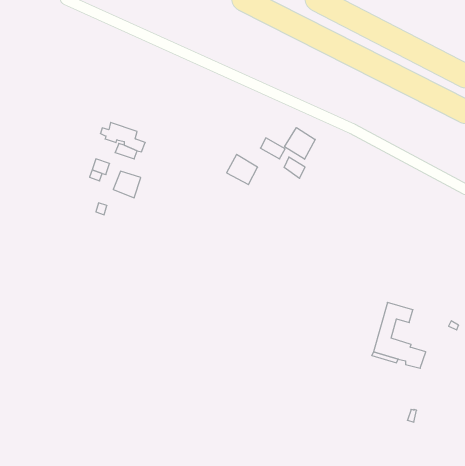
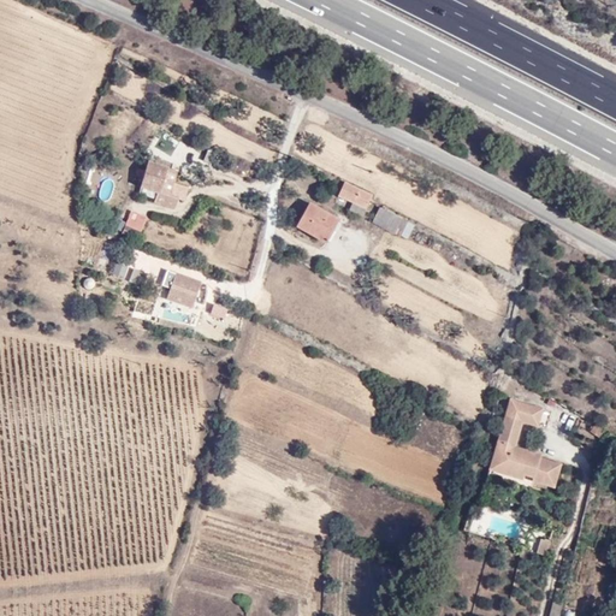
building: [285,128,315,159] -> none
building: [113,171,141,198] -> [164,274,200,309]

